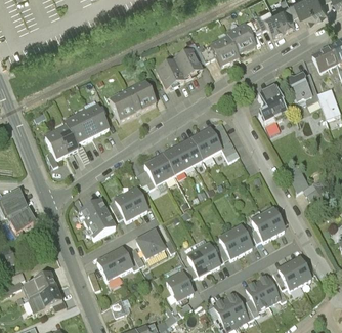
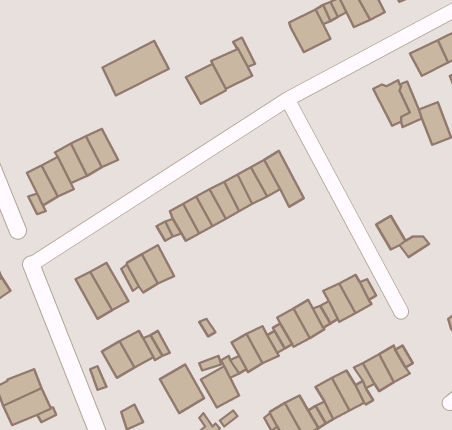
building: [210,38,240,68] -> none
building: [110,85,156,123] -> [103,41,169,96]
building: [258,89,286,127] -> none
building: [137,232,168,265] -> [160,364,204,413]

